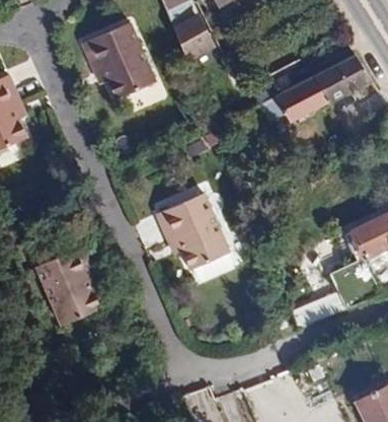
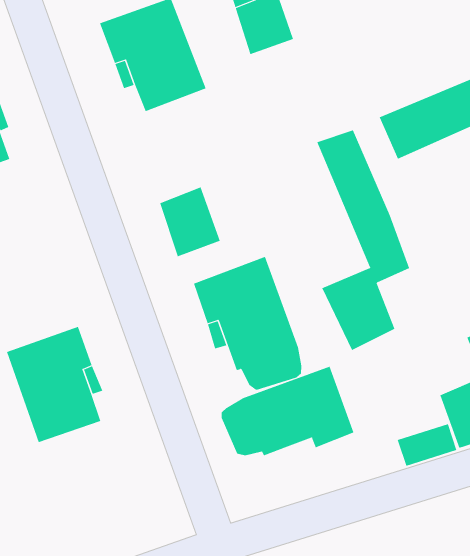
building: none -> [316,129,410,351]
building: none -> [160,187,221,257]
building: none -> [221,366,354,456]

